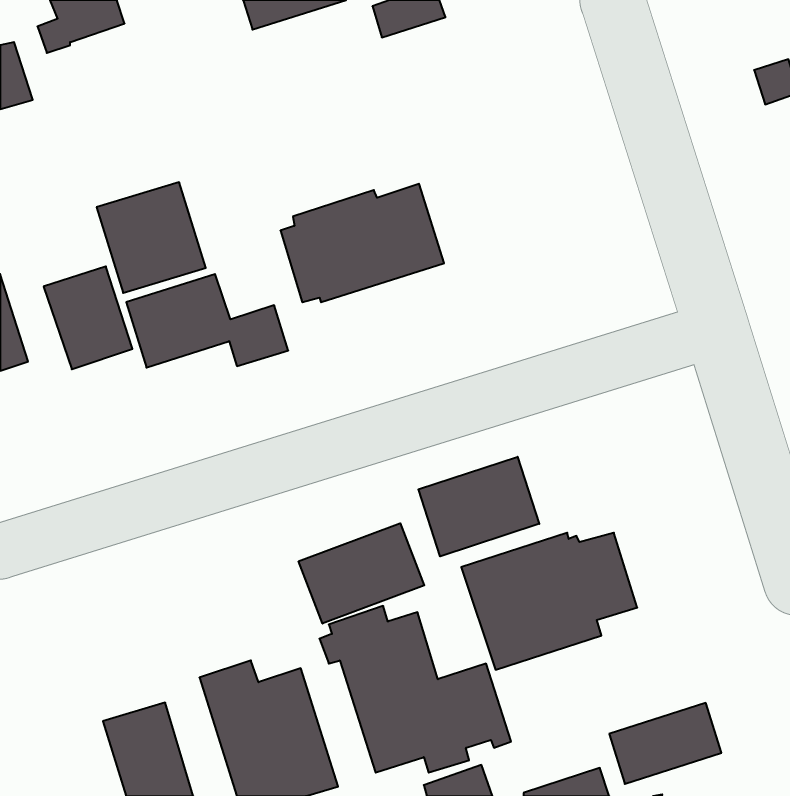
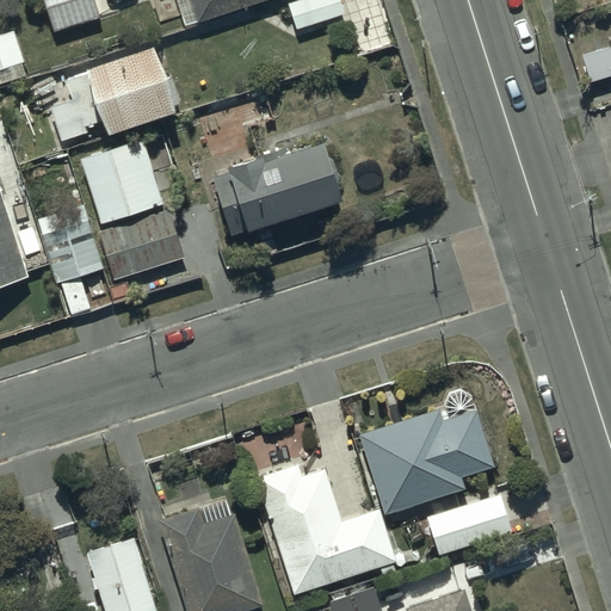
building: none -> [50,47,185,142]
building: [418,457,539,556] -> none
building: [299,523,424,624] -> none
building: [609,703,721,784] -> [427,493,513,555]

